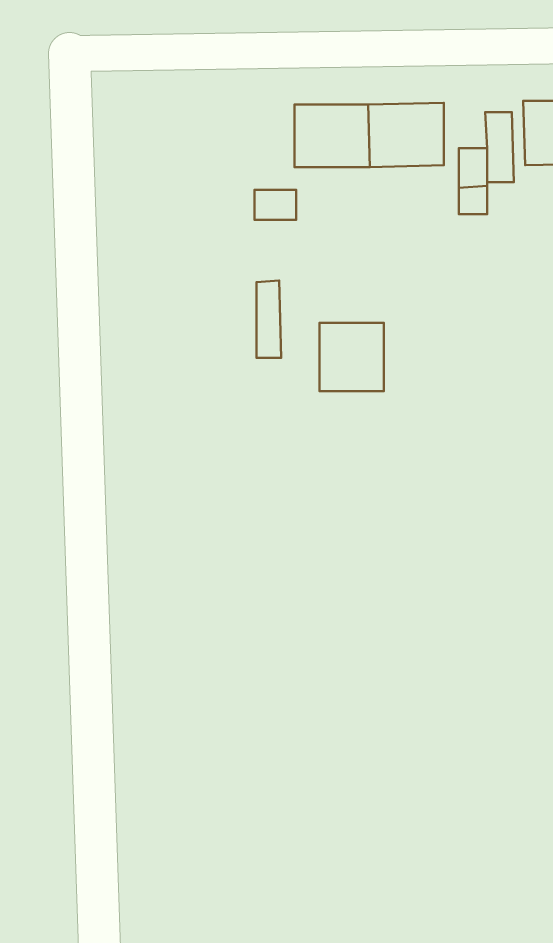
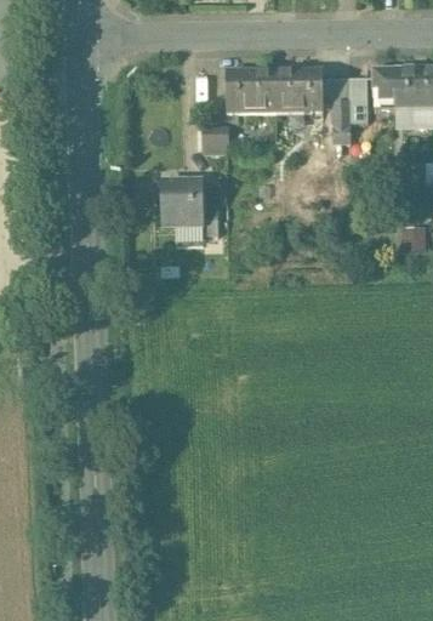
building: [319,323,384,391] -> [160,181,201,224]

